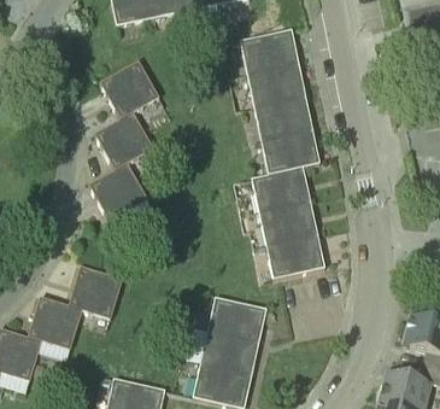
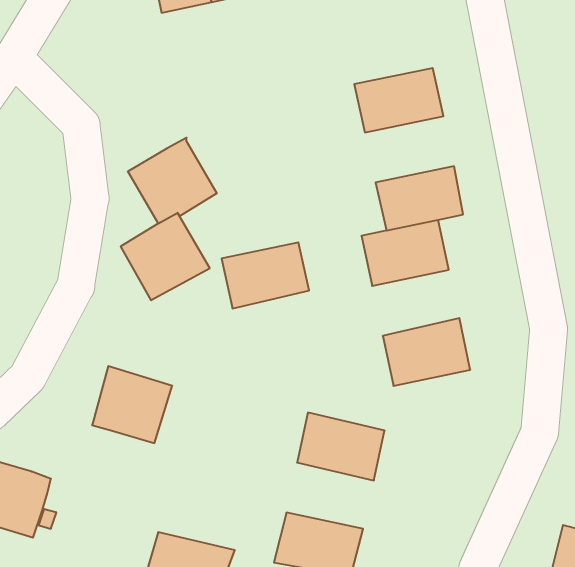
building: [239,28,299,74] -> none
building: [99,59,159,117] -> none
building: [253,95,313,140] -> none
building: [258,199,317,244] -> [222,242,309,308]
building: [28,296,82,349] -> none
building: [200,329,259,374] -> none

